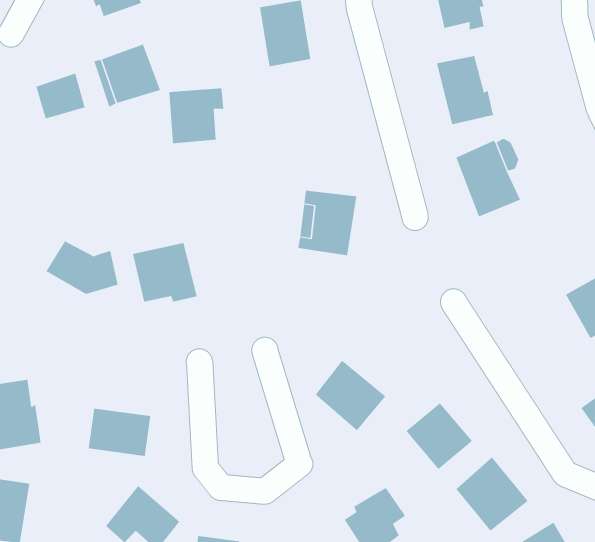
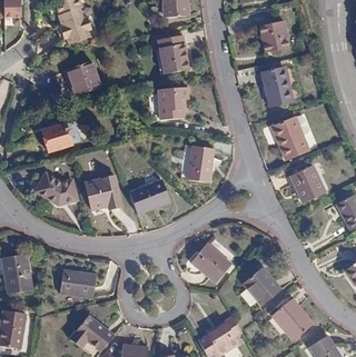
building: [35,73,85,119] -> [42,123,71,150]
building: [168,88,224,144] -> [157,87,189,119]
building: none -> [289,165,326,202]
building: none -> [129,179,171,215]

